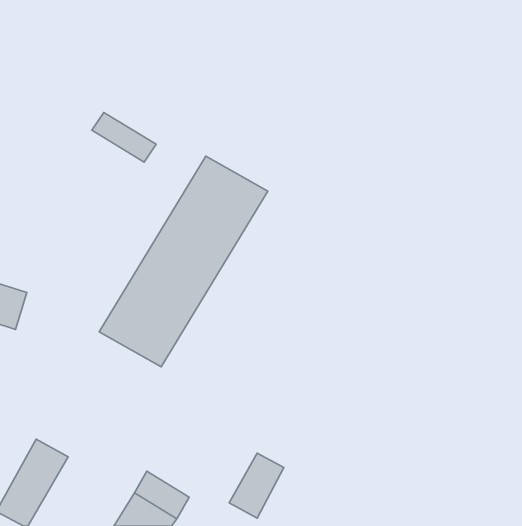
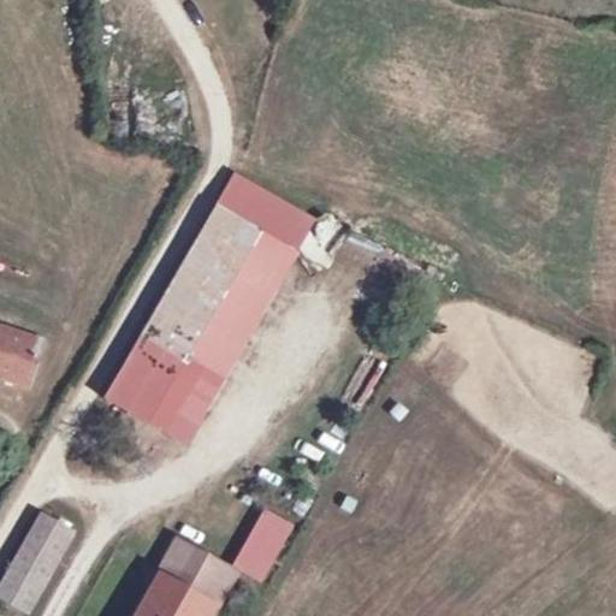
building: [92,112,156,162] -> none
building: [229,453,284,518] -> [223,507,286,582]

